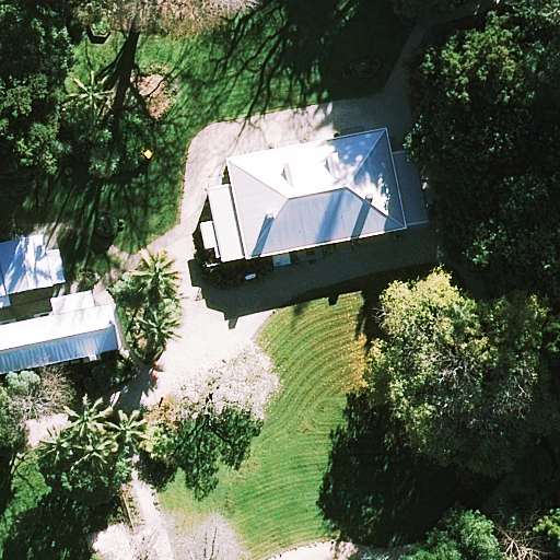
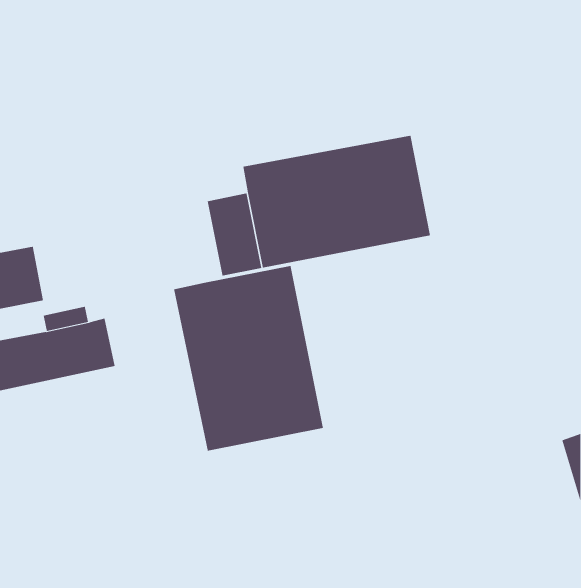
building: none -> [174,265,324,451]

